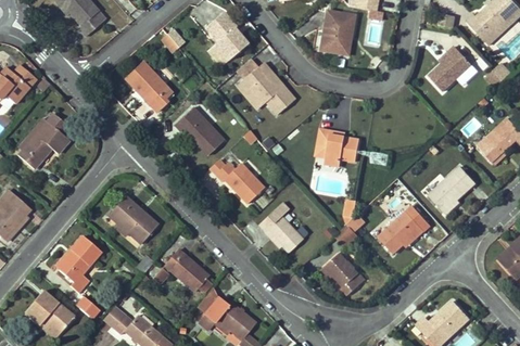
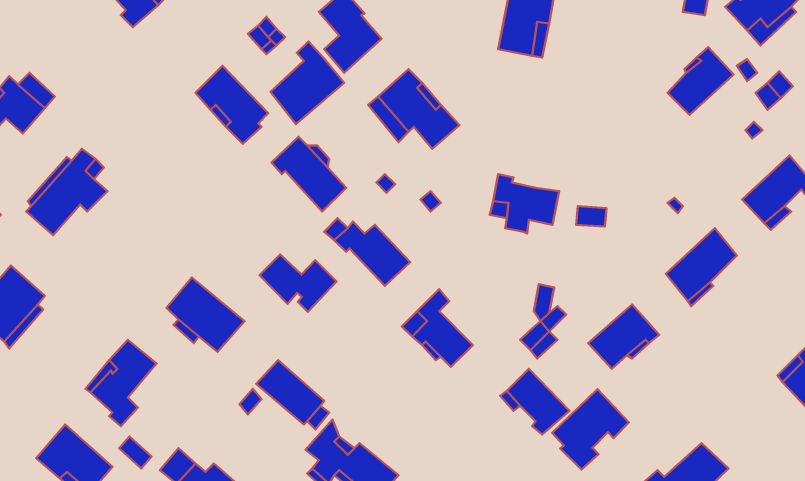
building: none -> [270,41,344,124]
building: none -> [260,255,337,312]
building: none -> [552,389,629,470]

